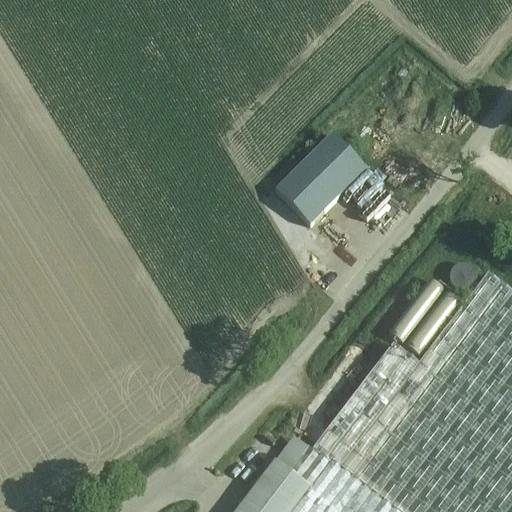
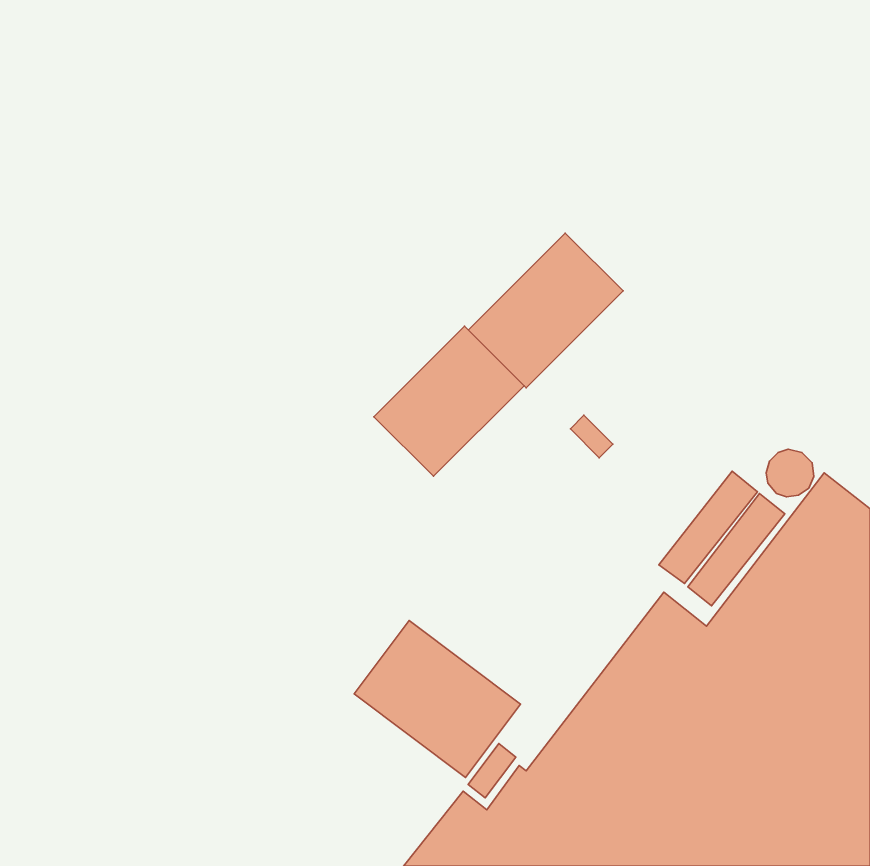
building: none -> [374,326,524,476]
building: none -> [354,621,521,777]

